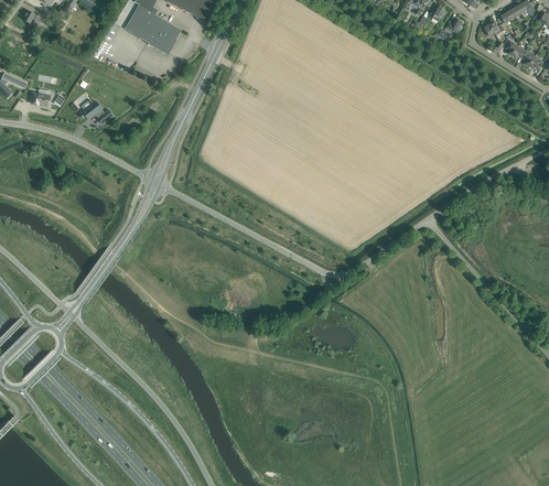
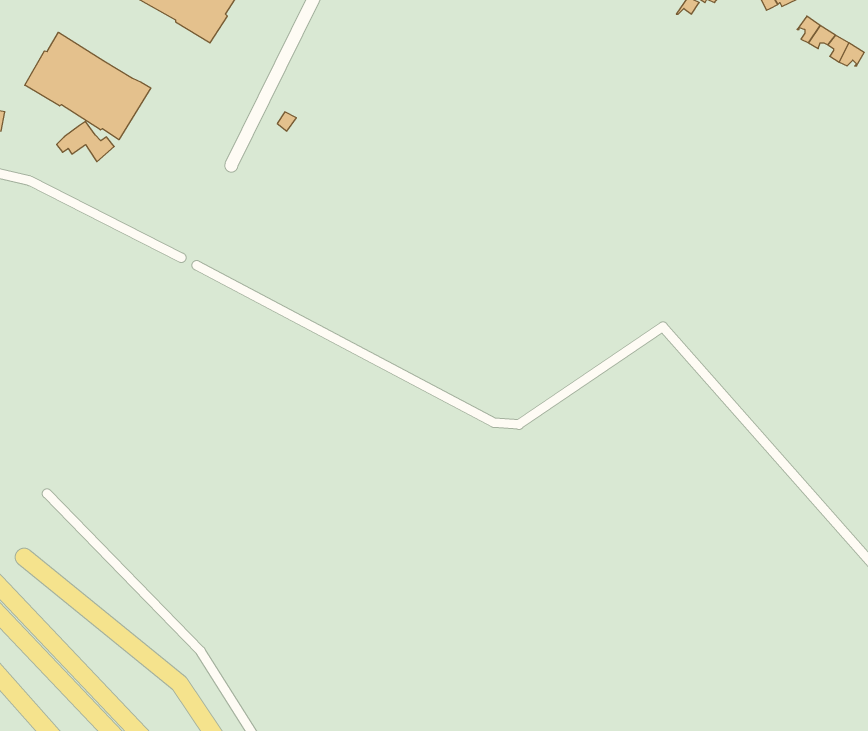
building: none -> [25,32,151,140]

